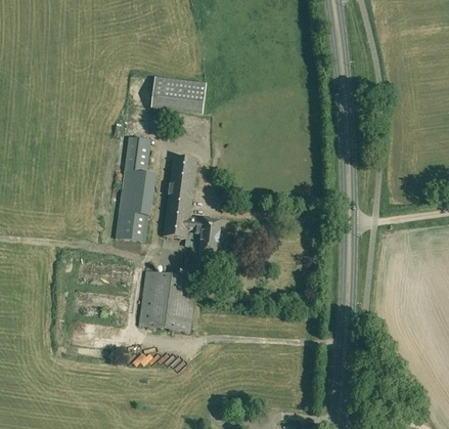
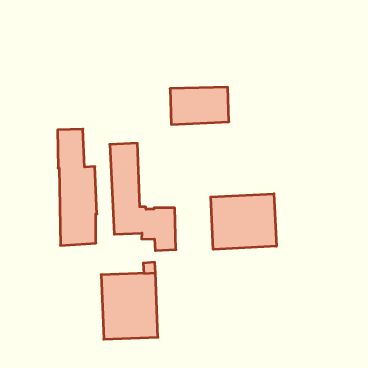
building: [151,76,207,114] -> [170,87,229,124]
building: none -> [211,194,276,249]

